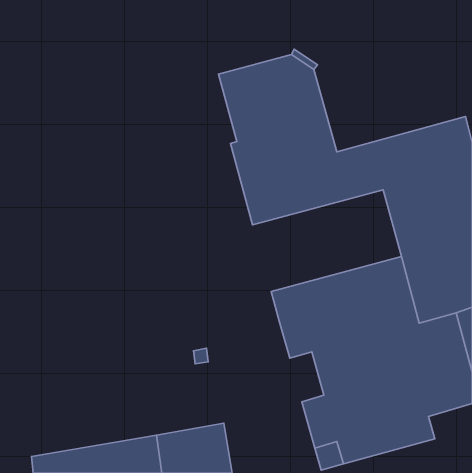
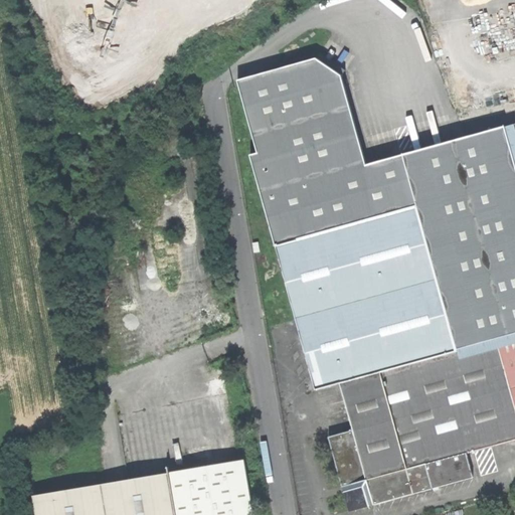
building: none -> [275,206,437,317]

